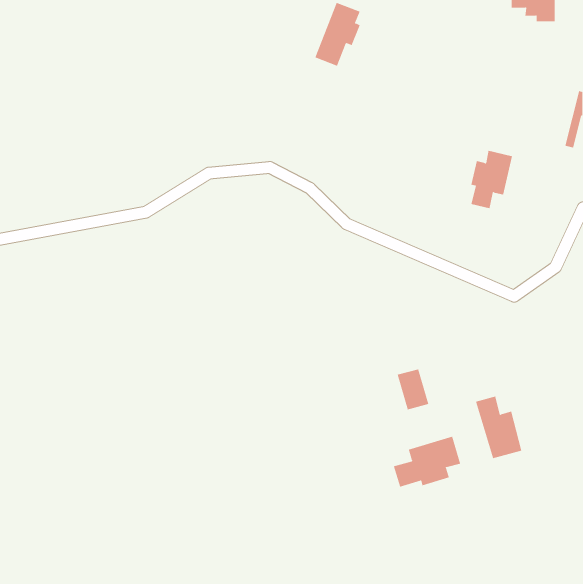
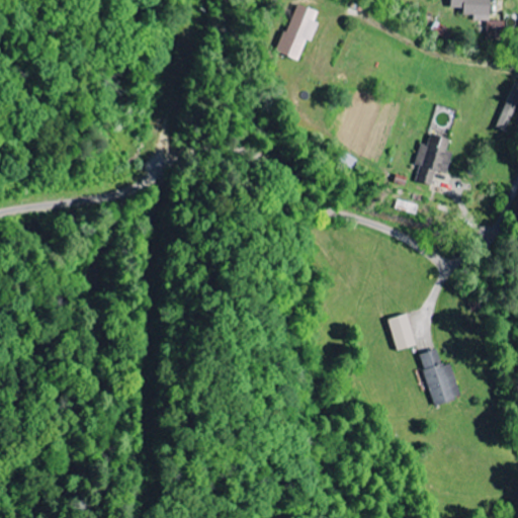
building: [397,369,429,410] -> [388,314,417,350]
building: [393,436,461,488] -> none

